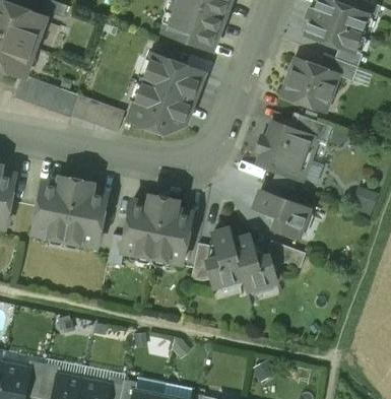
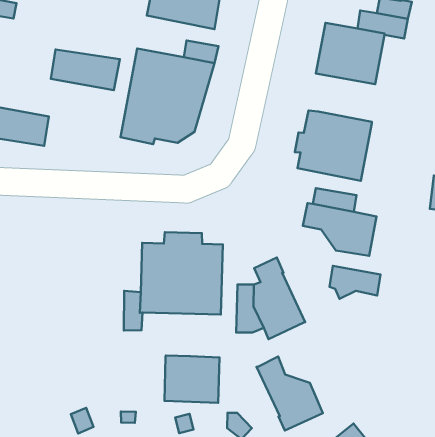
building: [71,94,125,132] -> [51,49,120,90]
building: [279,113,332,143] -> none
building: [34,177,105,246] -> none
building: [233,235,276,290] -> [257,357,323,430]
building: none -> [165,356,219,403]

